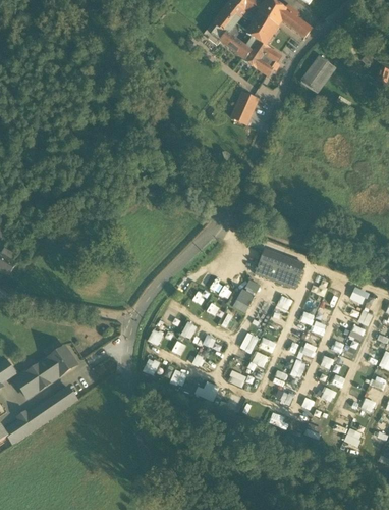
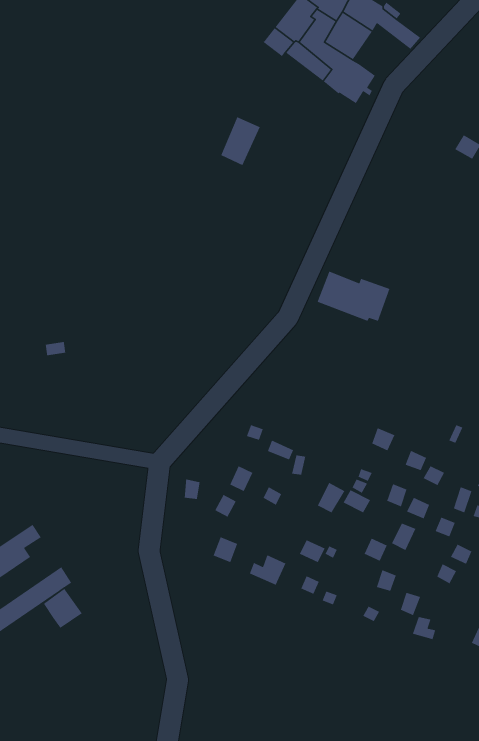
building: [300,58,336,95] -> none
building: [230,93,258,126] -> [220,116,261,166]
building: [255,253,304,288] -> [317,270,391,322]
building: [234,278,261,313] -> none
building: [49,349,75,376] -> [44,588,83,629]

